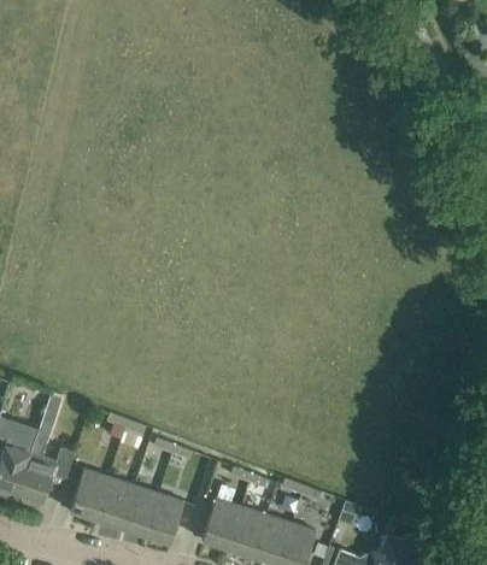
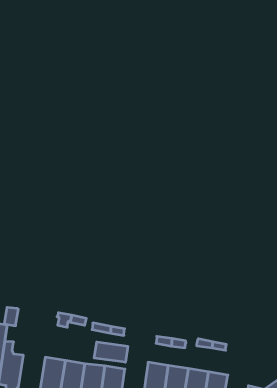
building: none -> [94,342,128,362]

